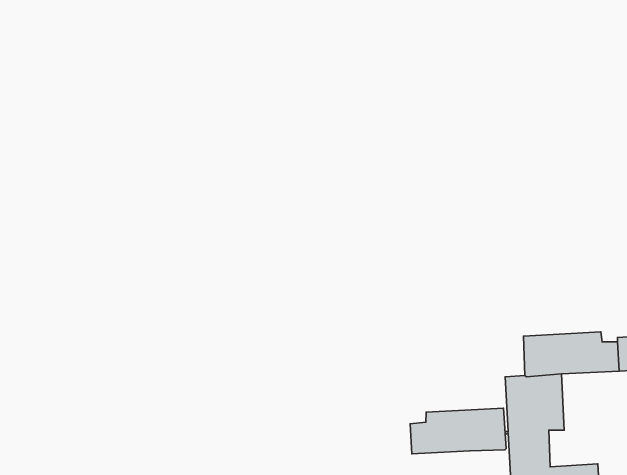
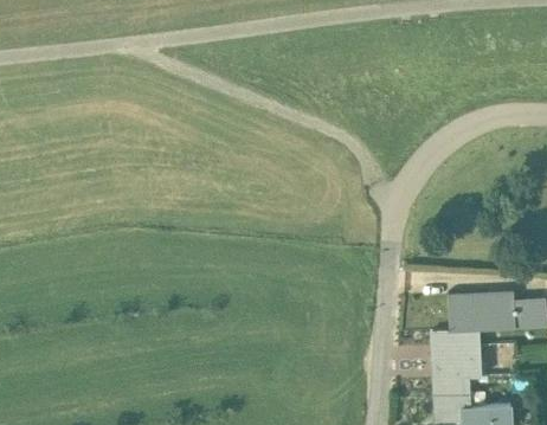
building: [410,408,506,454] -> none

